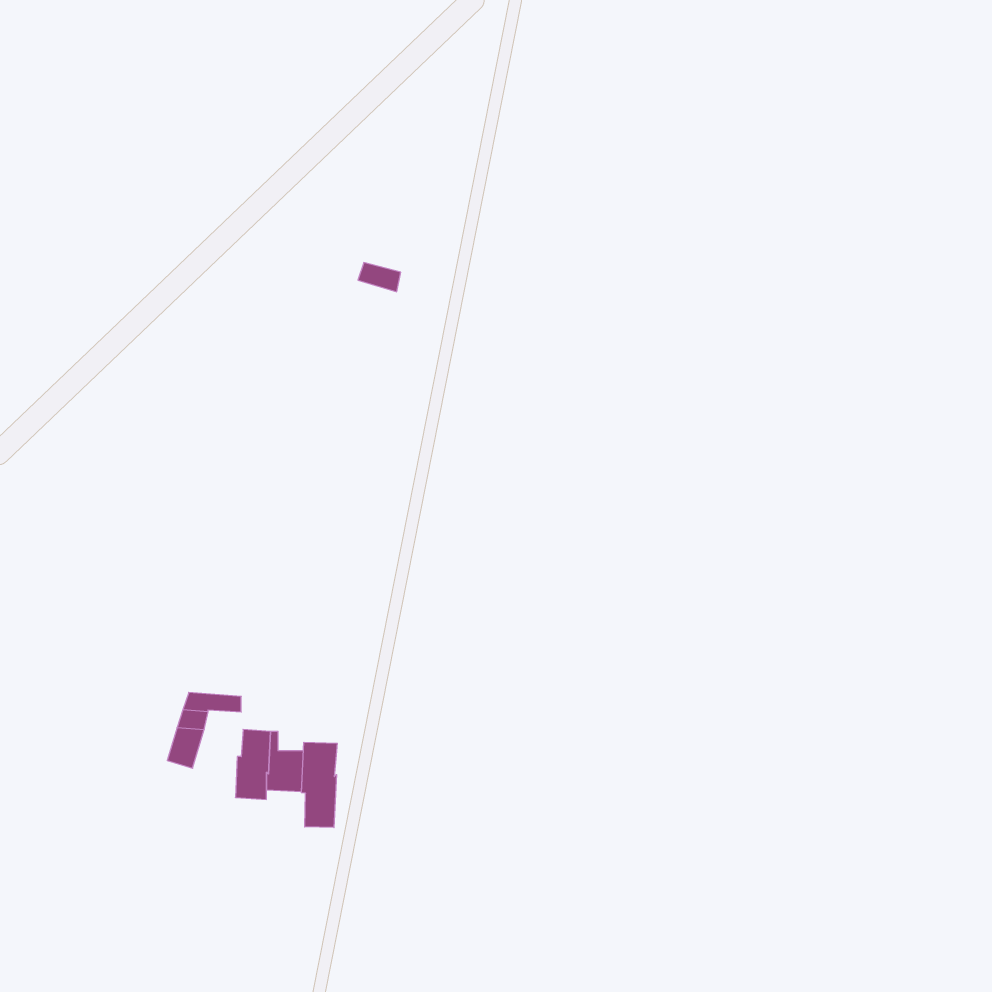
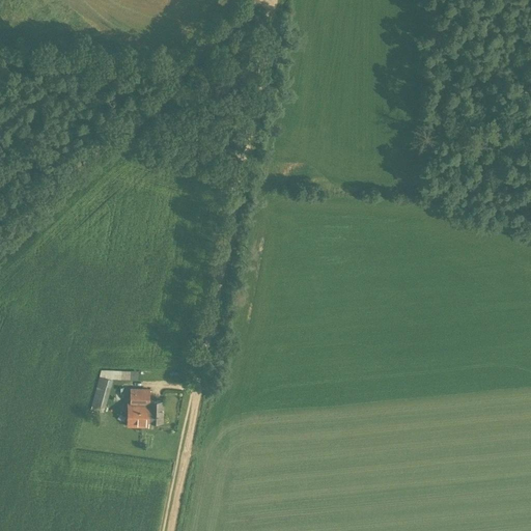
building: [301,742,337,828] -> none

